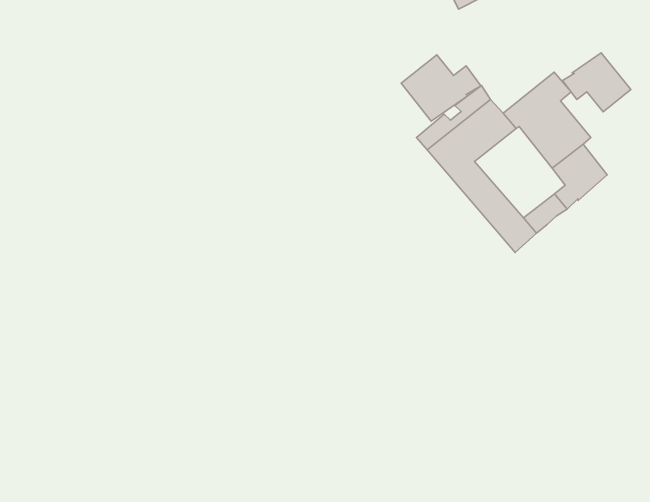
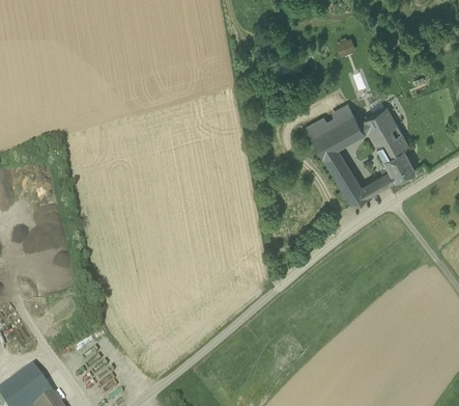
building: [562,53,631,112] -> none
building: [401,55,481,121] -> none

